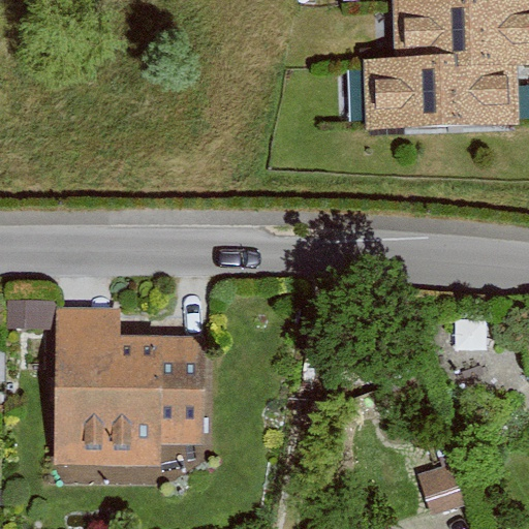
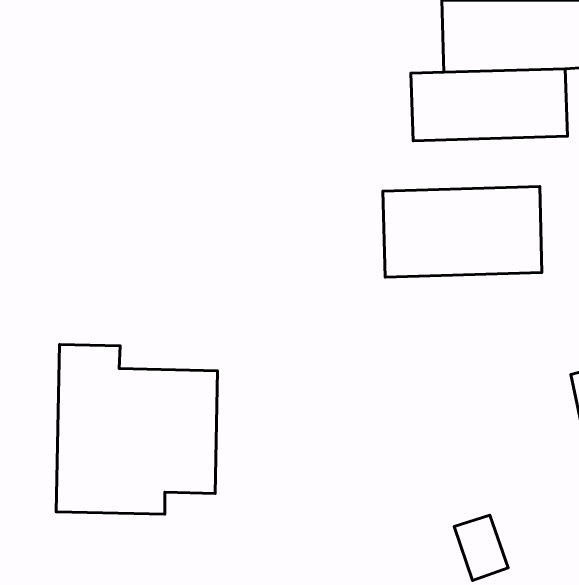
building: none -> [383,187,542,277]

